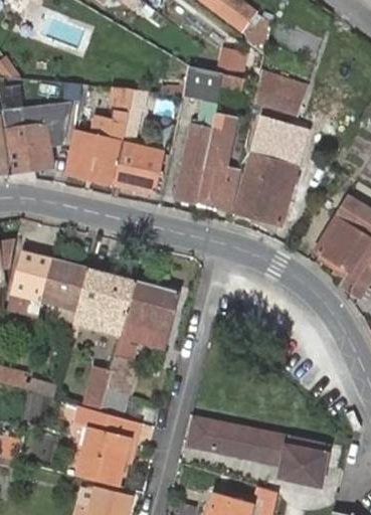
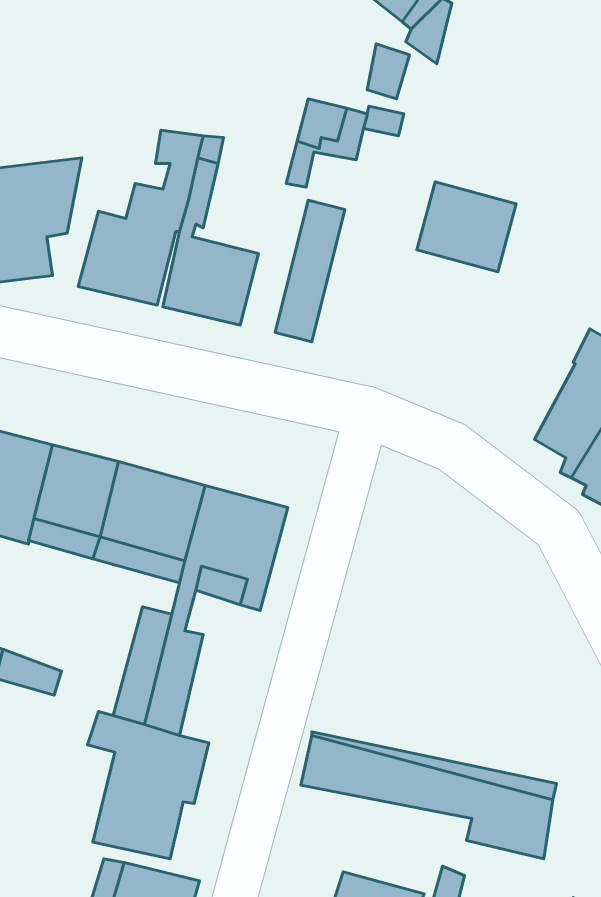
building: [254,69,304,112] -> none
building: [194,114,237,211] -> none
building: [235,152,296,224] -> none

